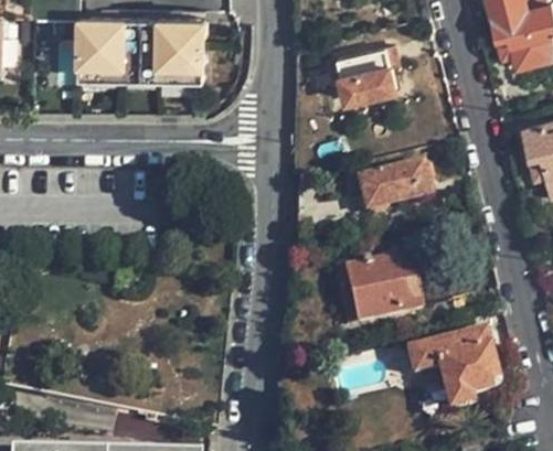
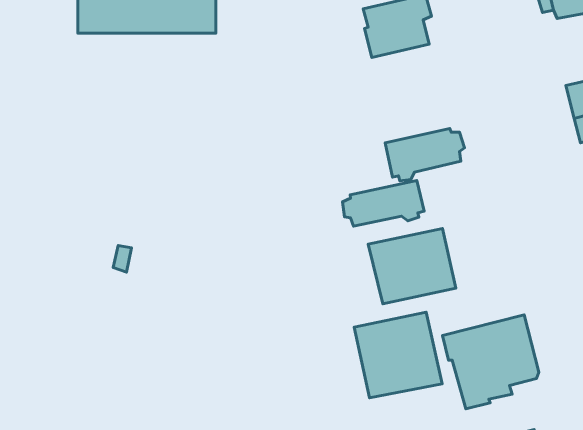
building: none -> [343,180,424,226]
building: none -> [354,312,442,398]

